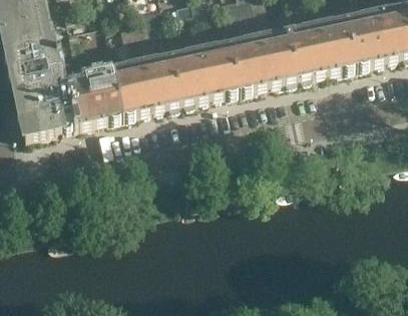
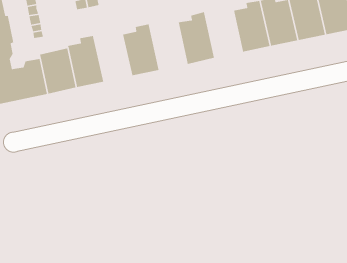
building: [253,29,293,81] -> none
building: [194,42,235,94] -> none
building: [136,54,176,106] -> none

